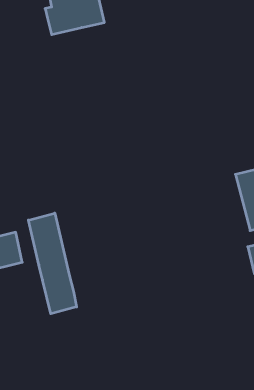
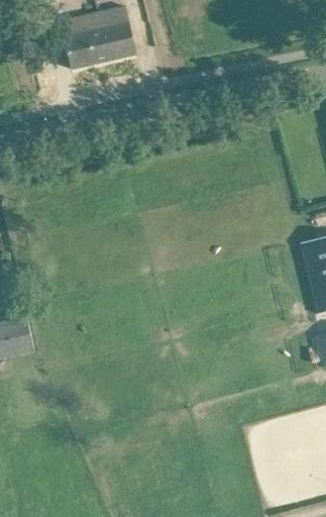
building: [28,213,77,314] -> none

